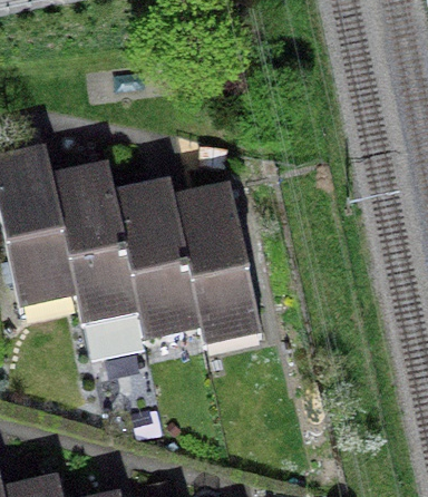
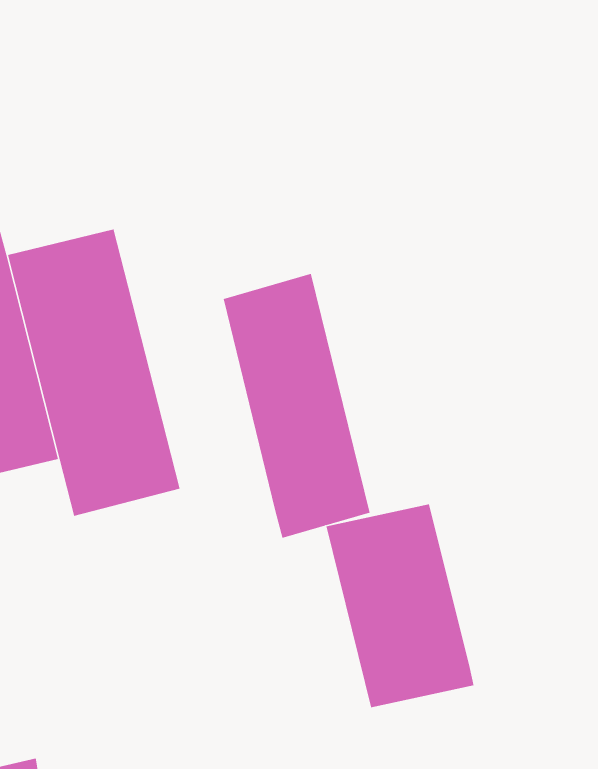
building: [117,176,205,340] -> none
building: none -> [326,503,474,708]

